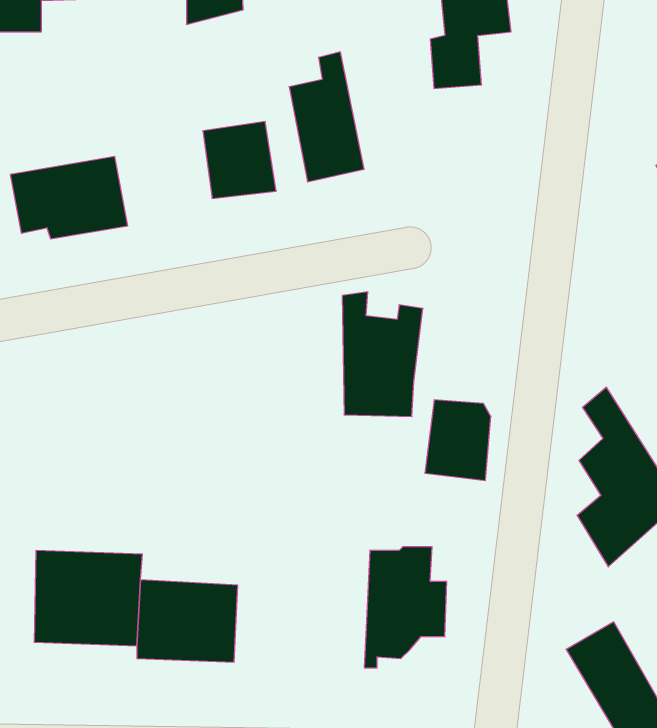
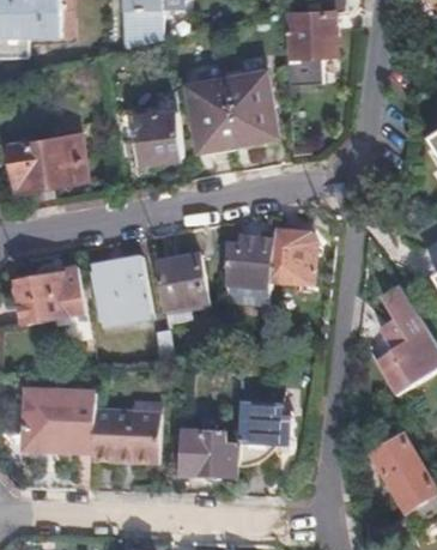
building: none -> [223,61,277,140]
building: none -> [156,255,206,320]
building: none -> [91,256,152,322]
building: none -> [16,266,89,340]
building: [425,400,491,481] -> [271,231,314,284]
building: none -> [176,424,239,478]

